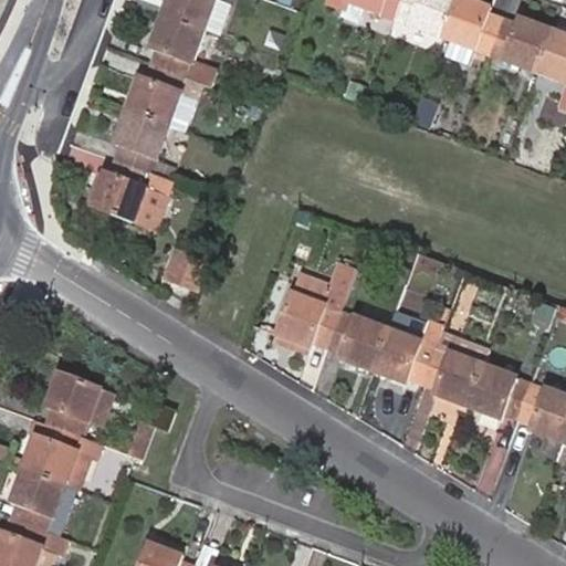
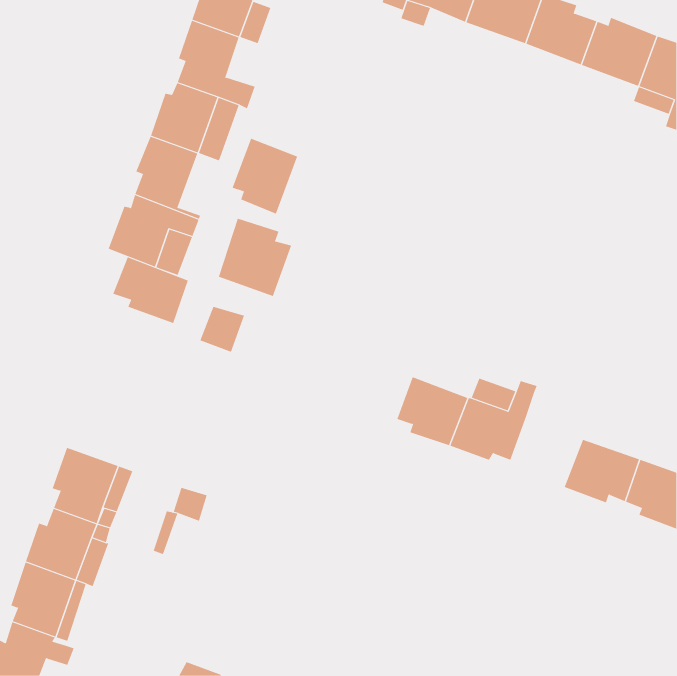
building: none -> [232,138,298,214]
building: none -> [218,218,292,297]
building: none -> [113,257,188,324]
building: [277,265,358,348] -> none
building: [424,326,492,405] -> none

